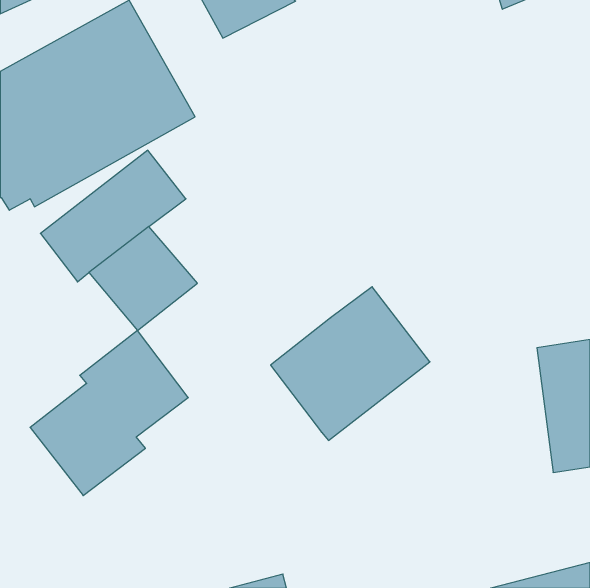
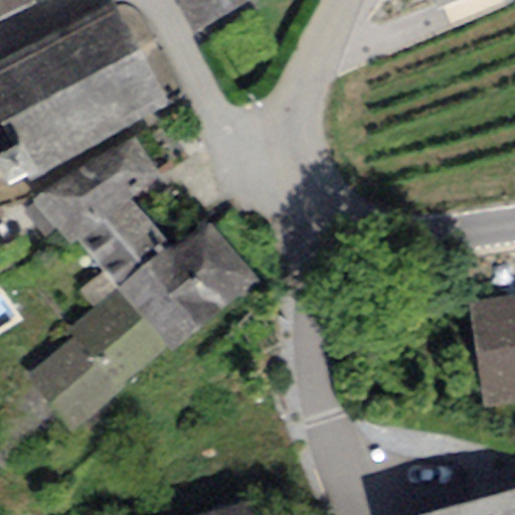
building: [271,287,430,440] -> [120,219,259,353]

